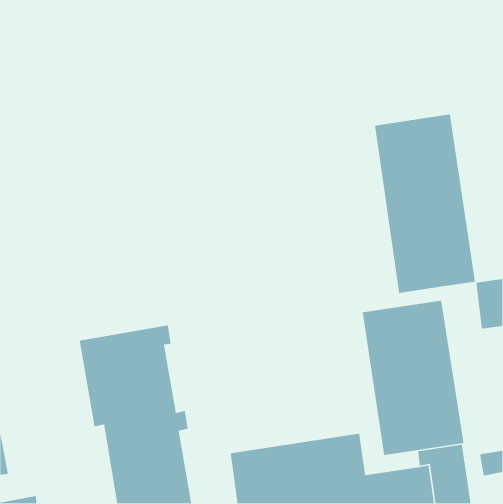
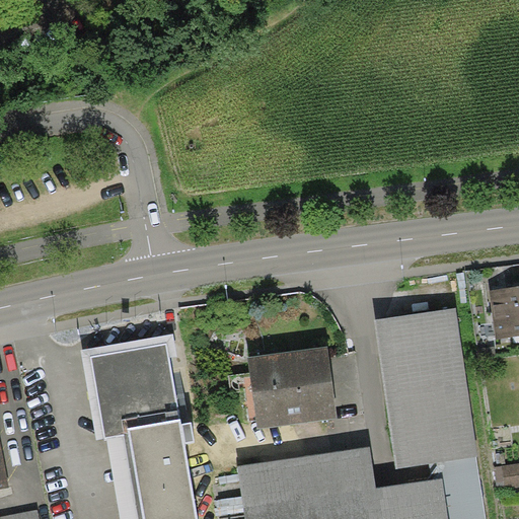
building: [374,114,476,294] -> none
building: none -> [247,346,337,429]

